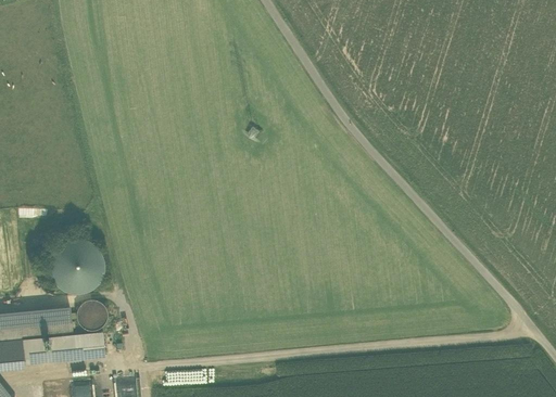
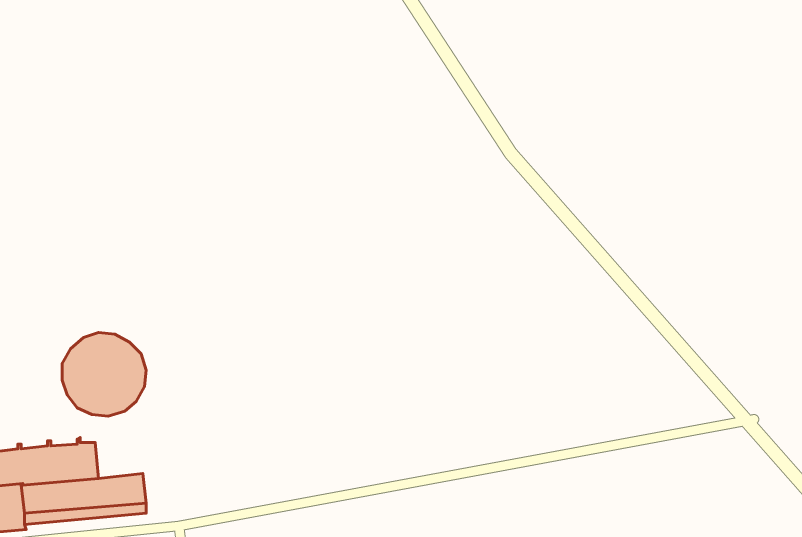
building: [74,299,105,330] -> none

